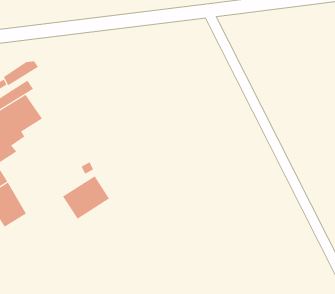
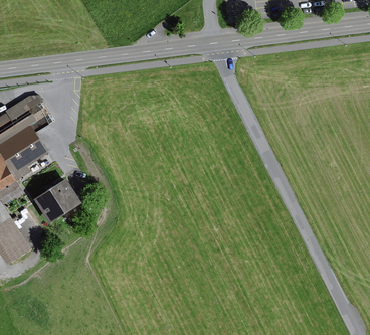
building: [62,175,110,219] -> [32,179,80,223]

